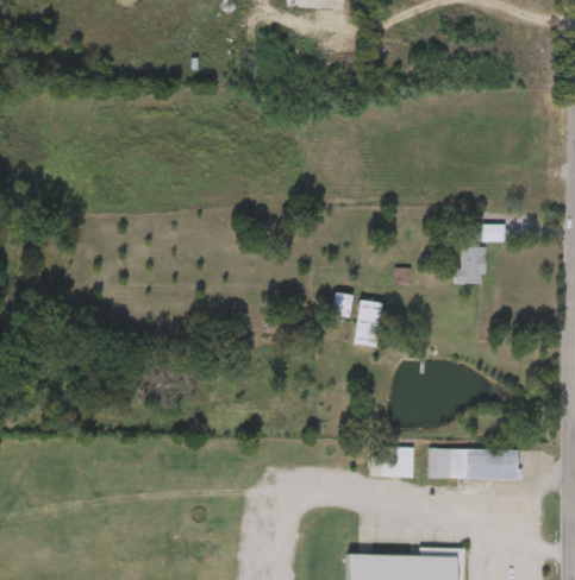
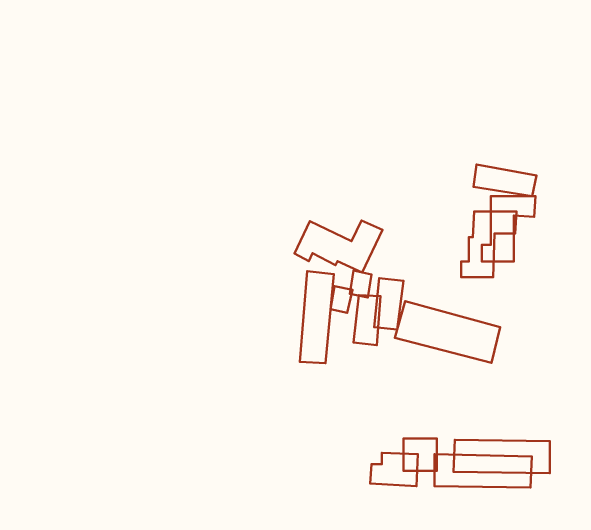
building: none -> [473,165,536,196]
building: none -> [294,220,383,272]
building: none -> [300,271,334,363]
building: none -> [395,301,500,363]

